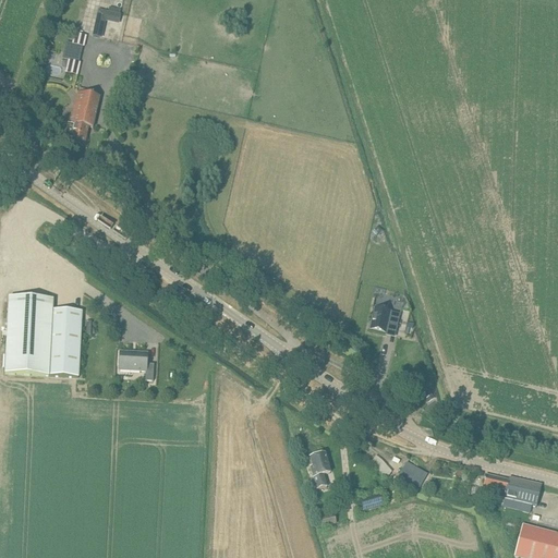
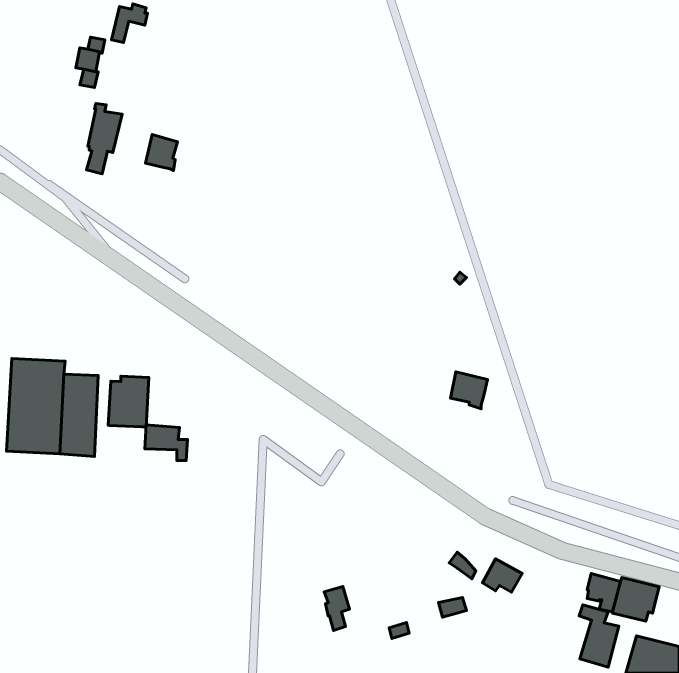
building: none -> [145,135,177,170]
building: none -> [108,376,149,427]
building: [310,451,330,487] -> [324,587,349,630]
building: none -> [579,605,619,667]

